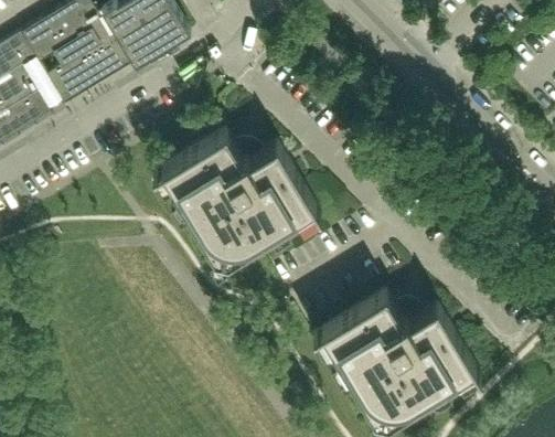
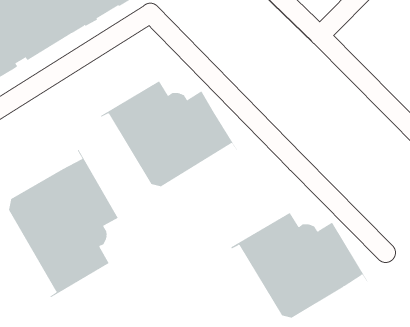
building: none -> [9,149,119,298]

